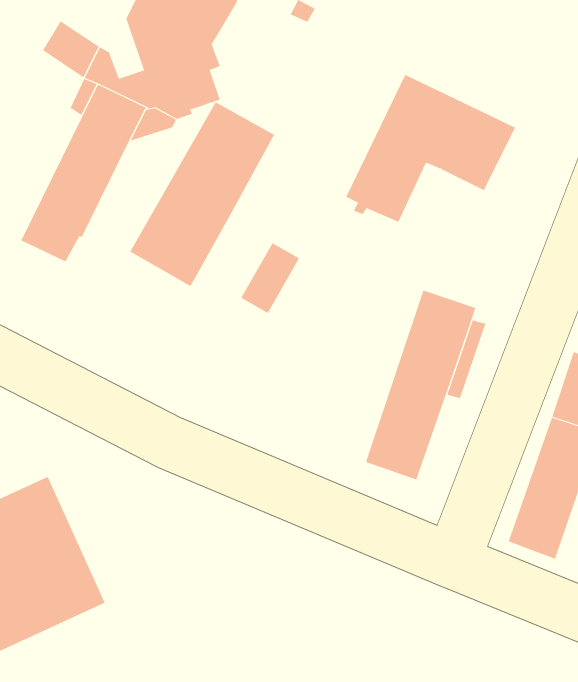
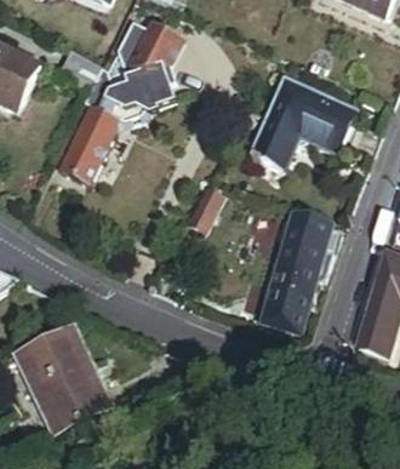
building: [130,101,275,287] -> none

